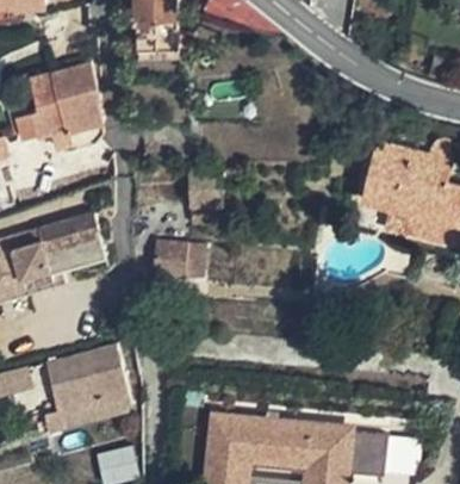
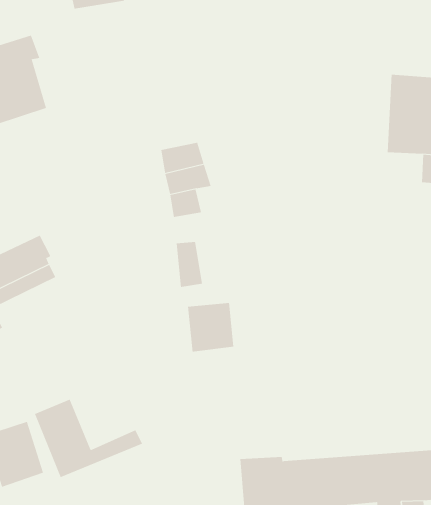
building: [151,242,187,279] -> [187,303,234,352]
building: [86,342,132,392] -> none

